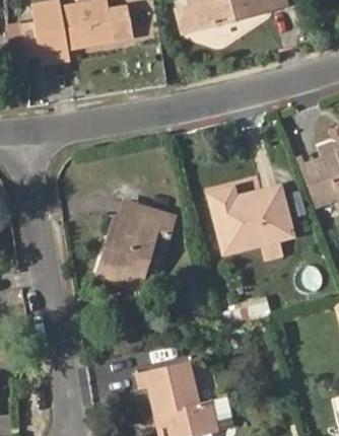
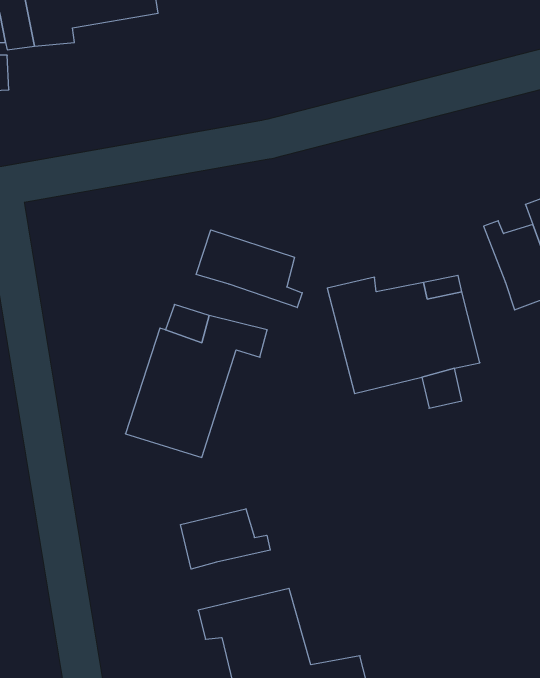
building: none -> [196,230,302,308]
building: none -> [181,509,270,569]

